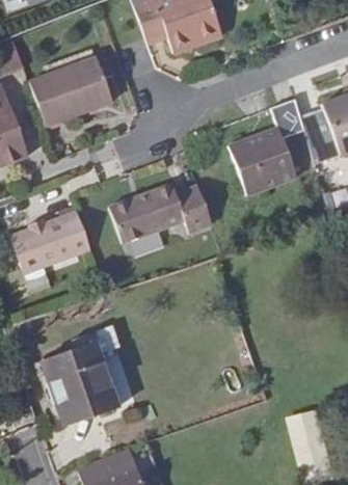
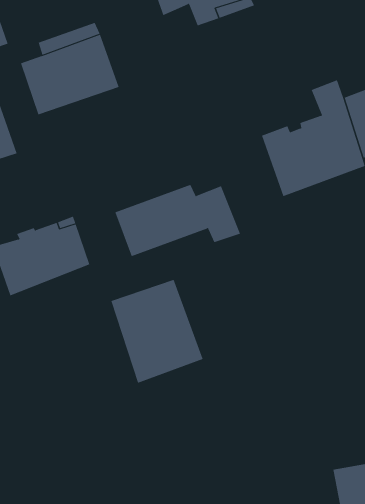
building: [42,342,117,427] -> [111,279,204,384]

